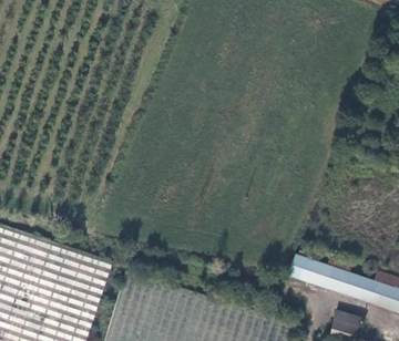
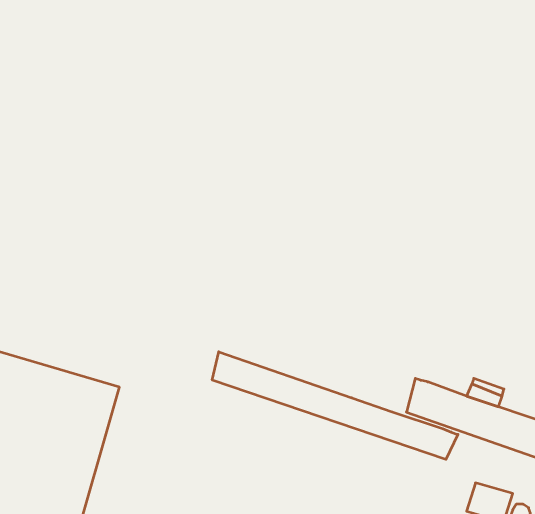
building: none -> [212,352,458,459]

